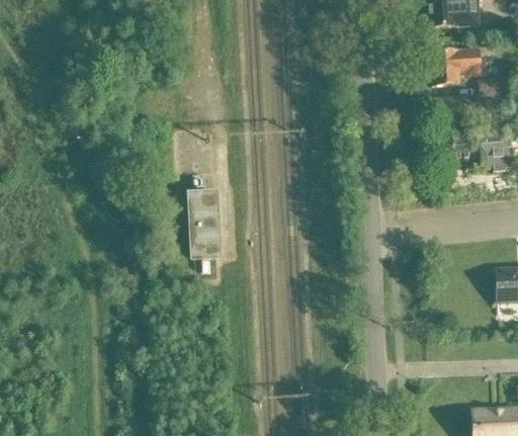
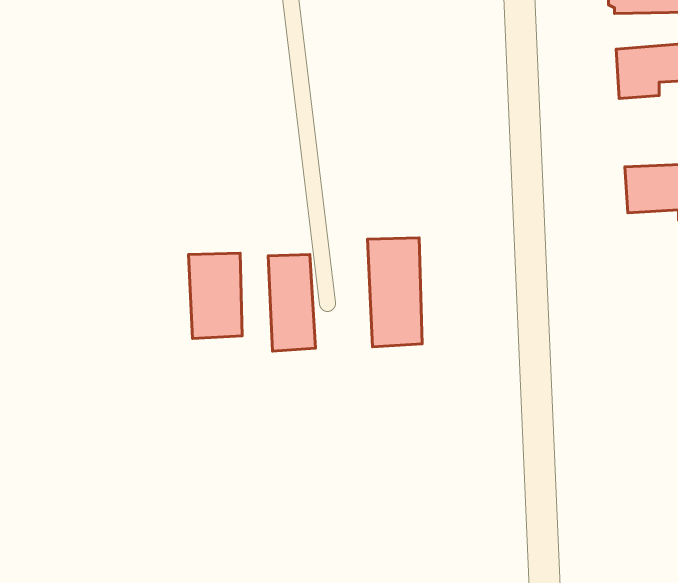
building: none -> [368,238,422,347]
building: none -> [188,253,242,339]

